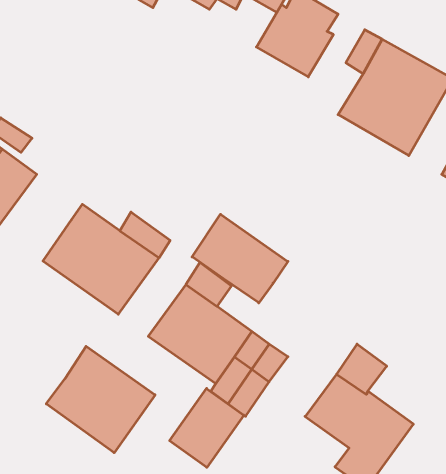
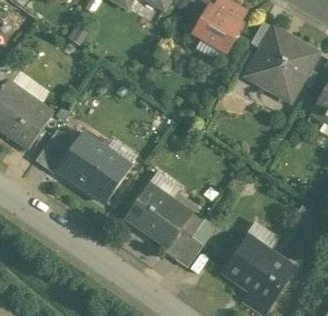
building: none -> [34,129,75,173]
building: [192,214,288,303] -> none
building: [46,346,155,453] -> none
building: [170,388,244,467] -> none

